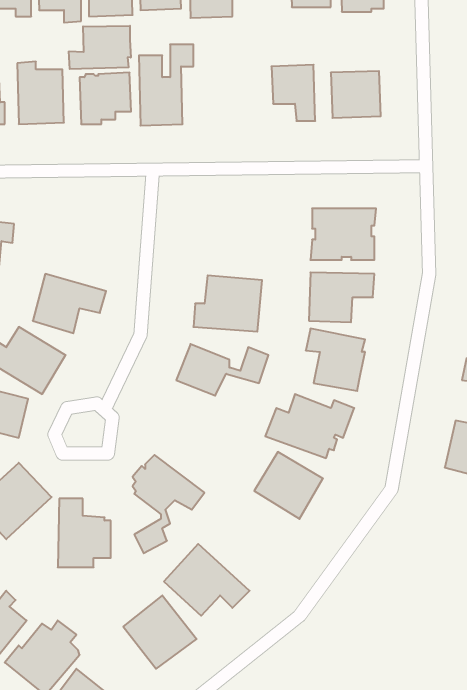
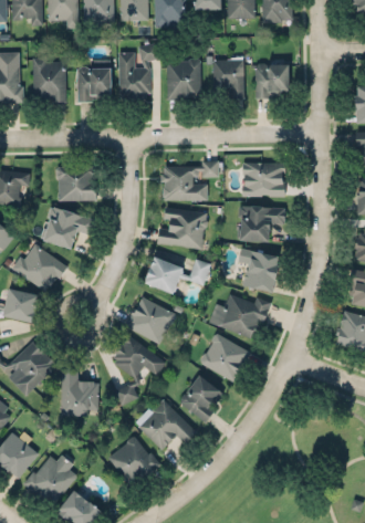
building: [69,26,131,69] -> none
building: none -> [166,61,200,101]
building: none -> [160,160,219,200]
building: none -> [55,165,95,201]
building: none -> [125,295,176,343]
building: none -> [178,376,222,422]

